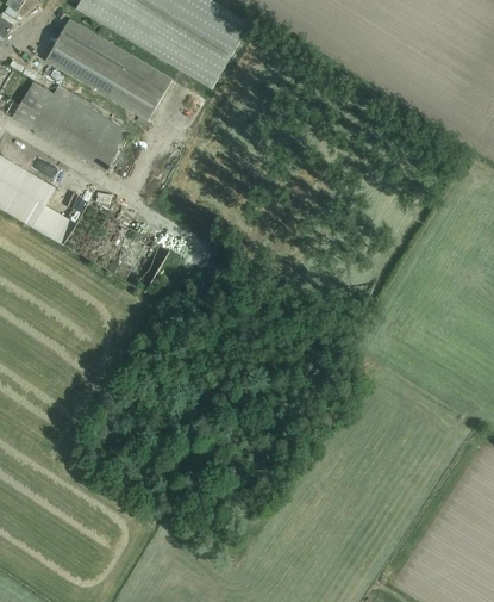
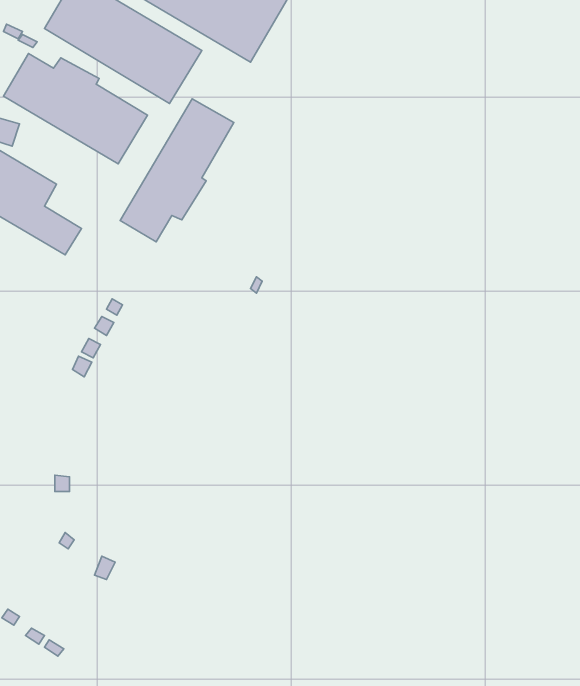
building: none -> [120,99,234,242]

